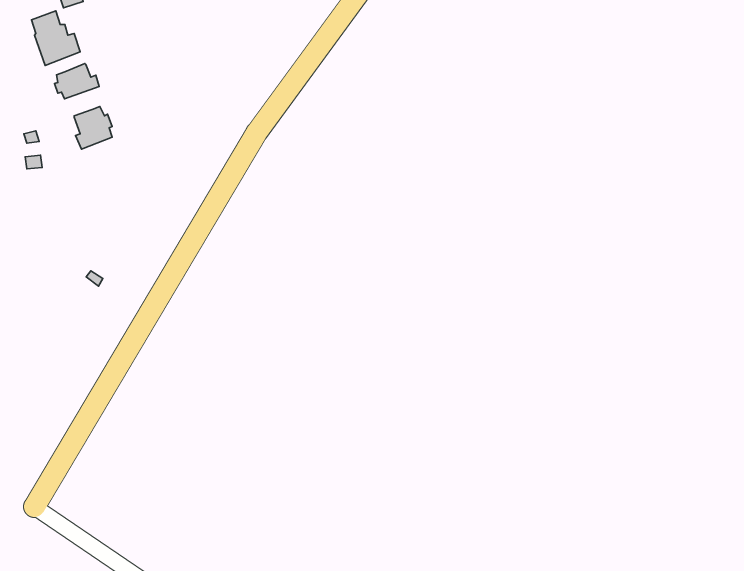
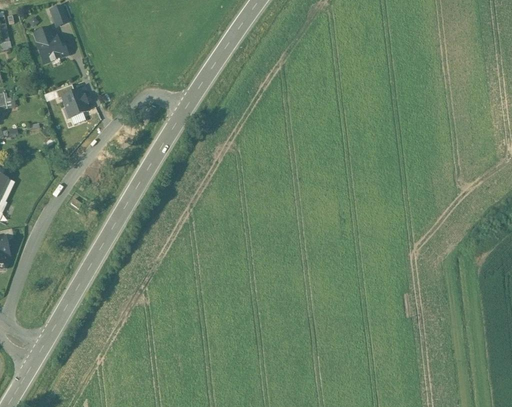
building: [54,64,99,99] -> none

